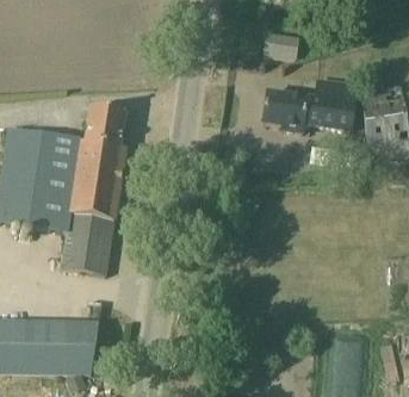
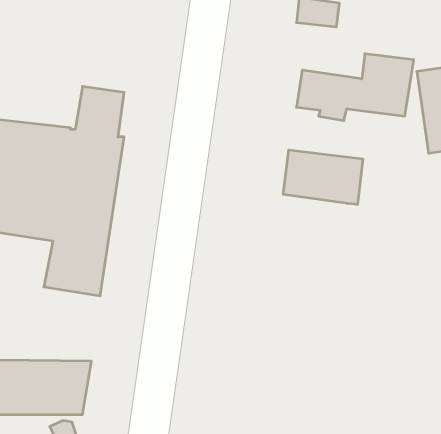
building: none -> [283,150,363,205]

